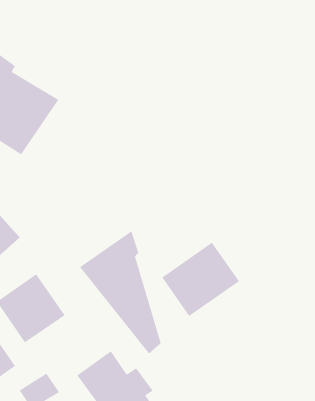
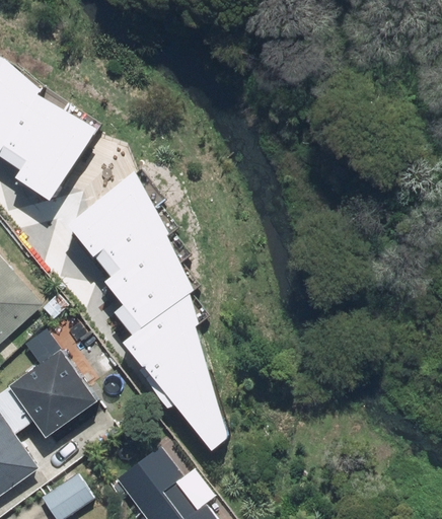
building: none -> [65,170,192,335]
building: [161,242,240,317] -> none

